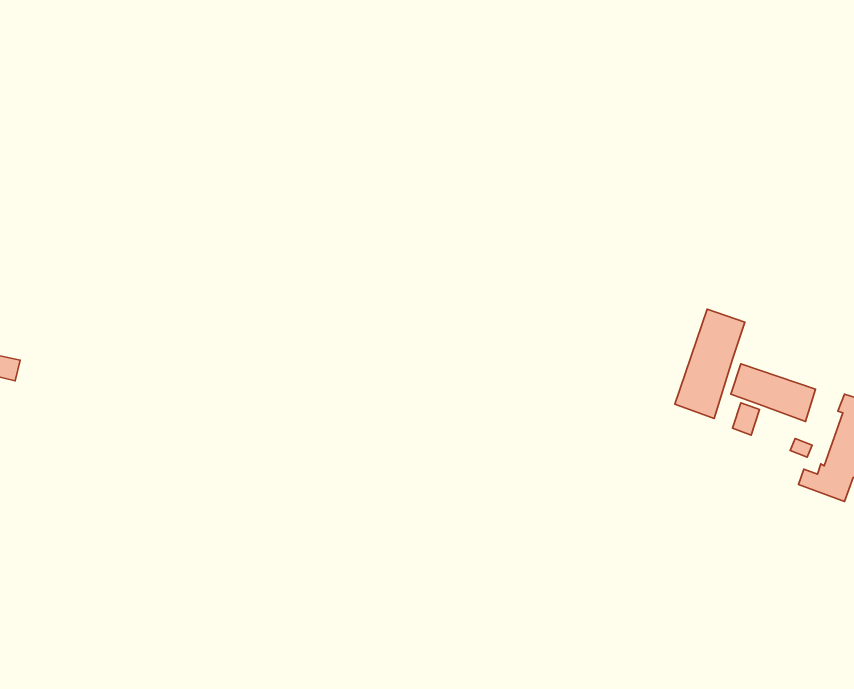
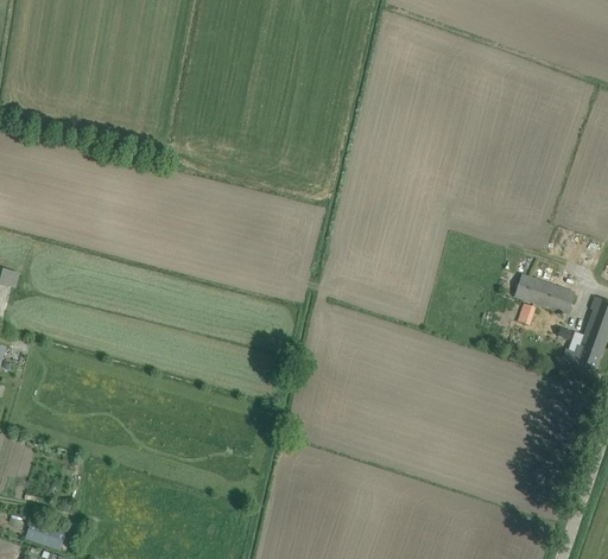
building: [675,309,745,419] -> none

